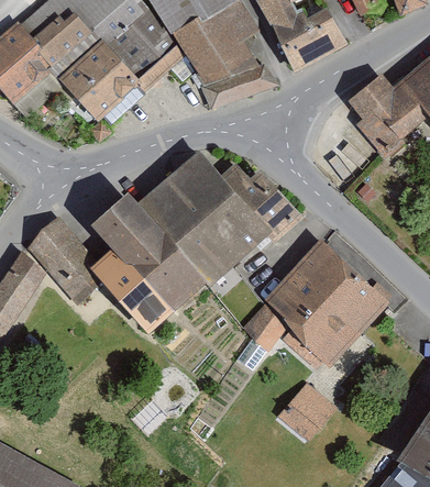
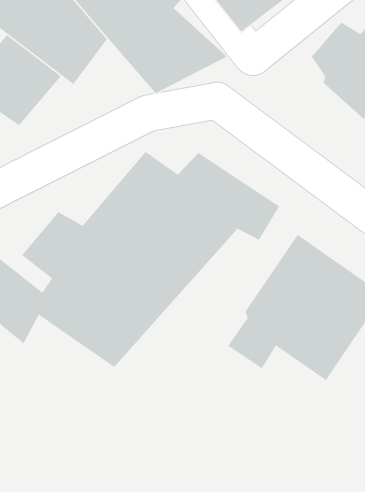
building: [282,385,338,442] -> none

